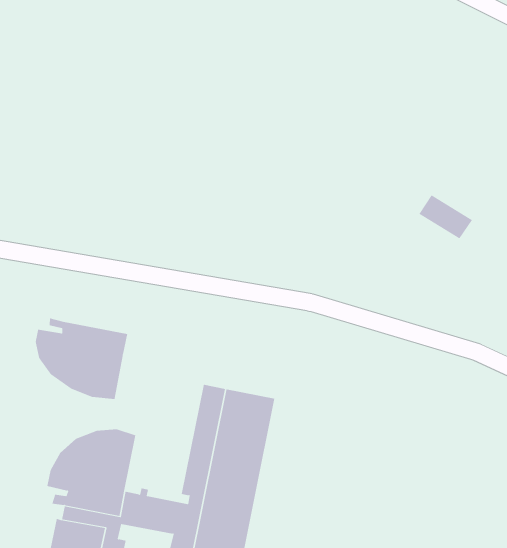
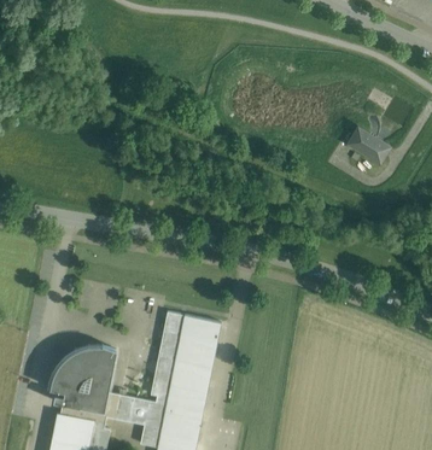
building: [418,195,473,239] -> [349,128,390,162]
building: [35,318,128,400] -> none

